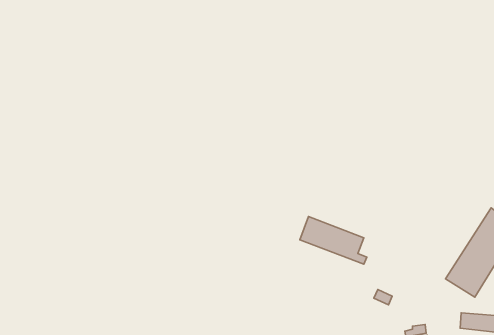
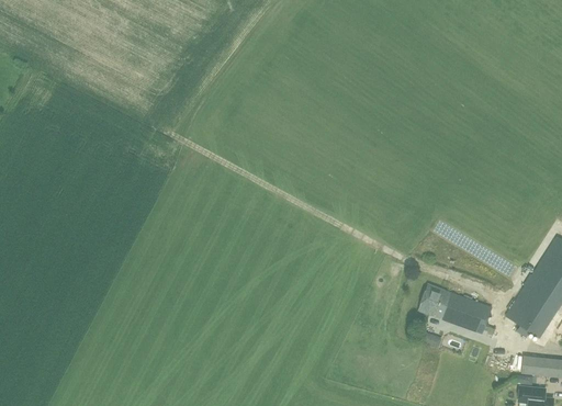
building: [300,217,367,264] -> [419,284,495,338]

